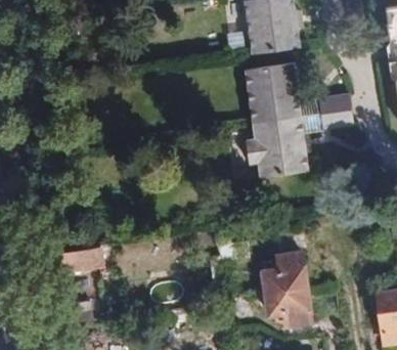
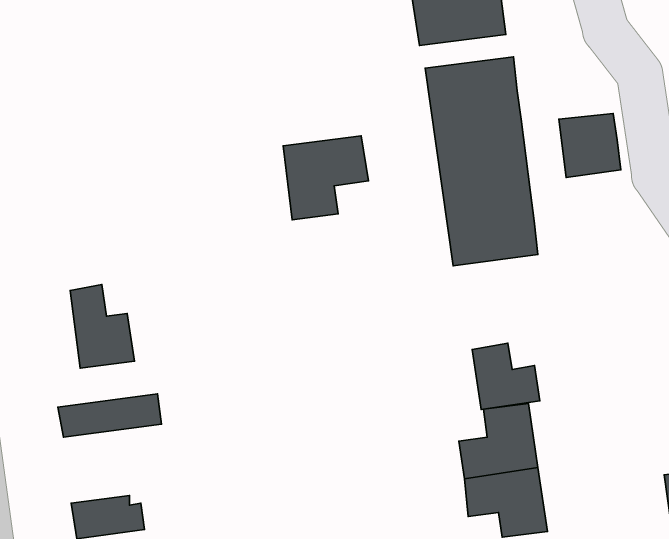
building: none -> [283,136,368,220]
building: none -> [70,284,134,368]
building: none -> [472,343,540,409]

